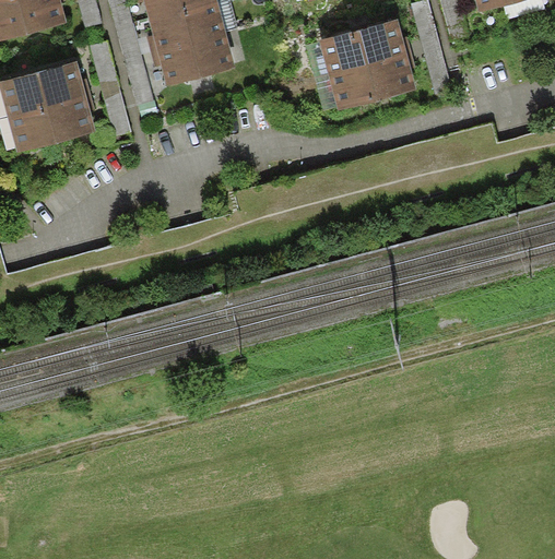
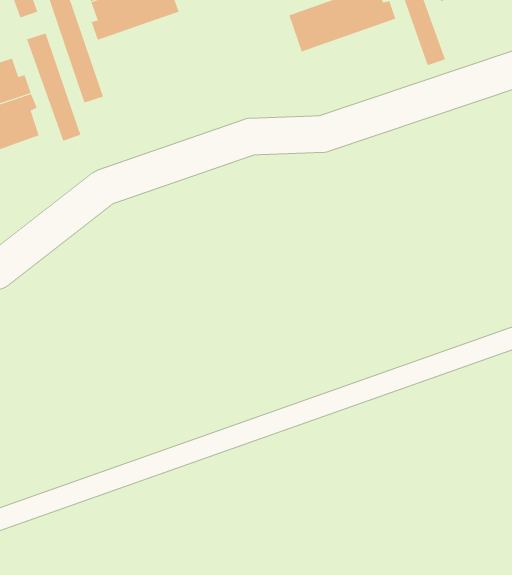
building: [151,32,235,87] -> none
building: [327,51,415,110] -> none

